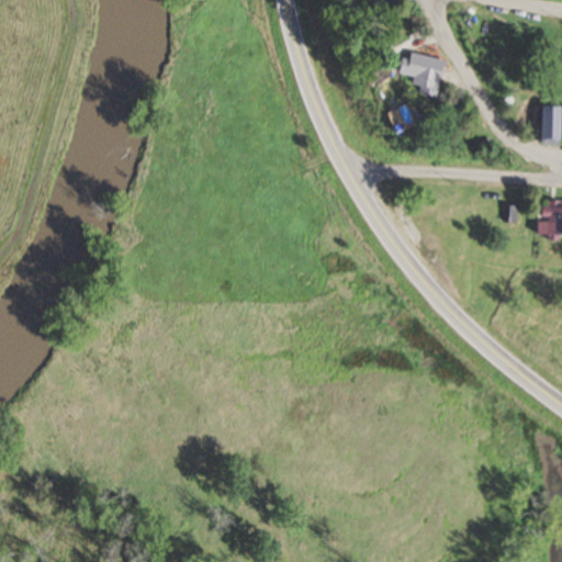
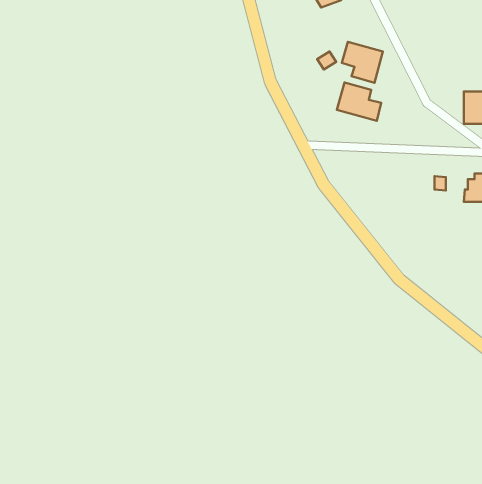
building: none -> [337,83,381,121]

